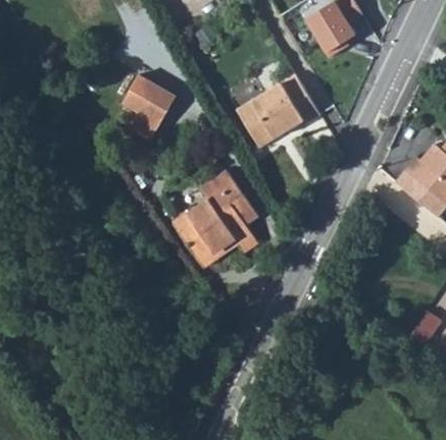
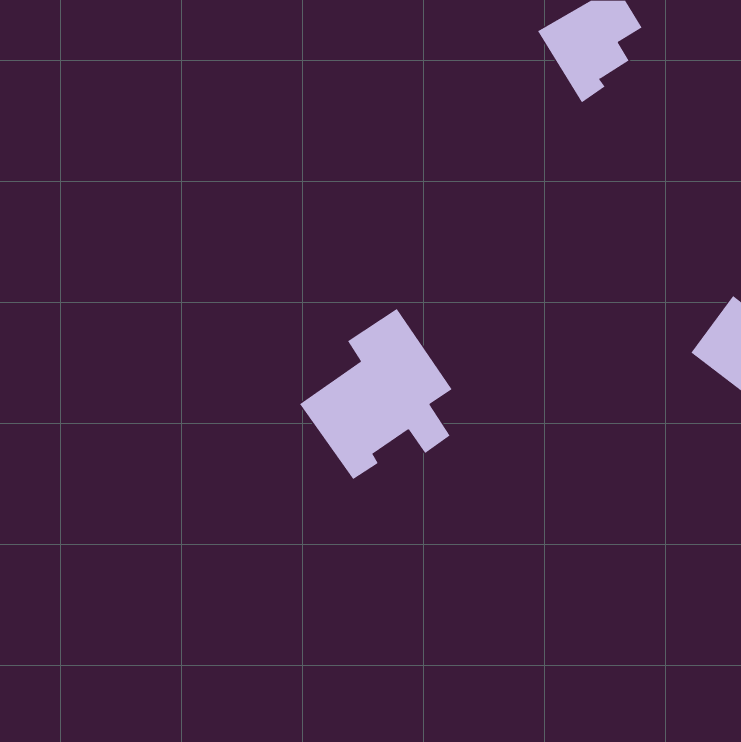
building: [237,73,321,147] -> none
building: [122,74,177,123] -> none

